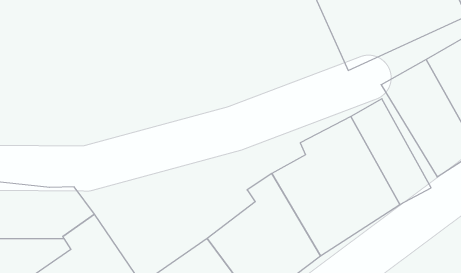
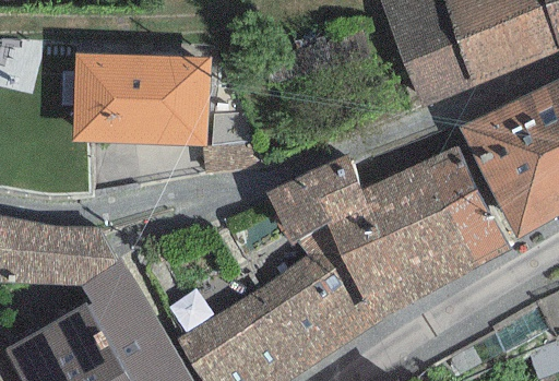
building: none -> [72,52,209,146]
building: none -> [264,154,367,245]

